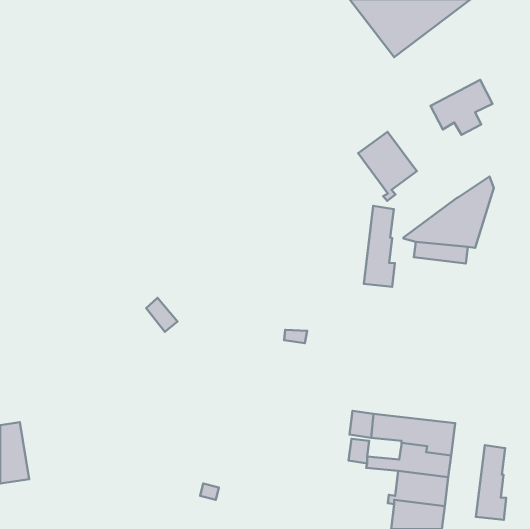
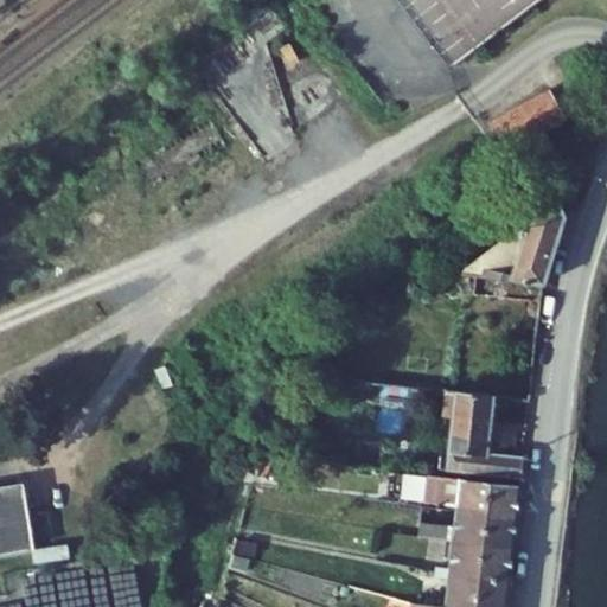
building: [358,132,417,201] -> none
building: [364,206,395,287] -> none
building: none -> [445,389,523,477]
building: [476,445,506,520] -> none

